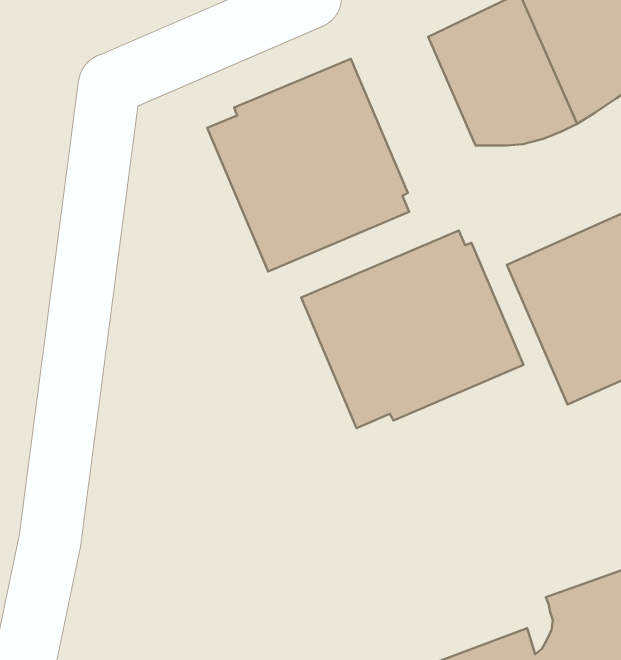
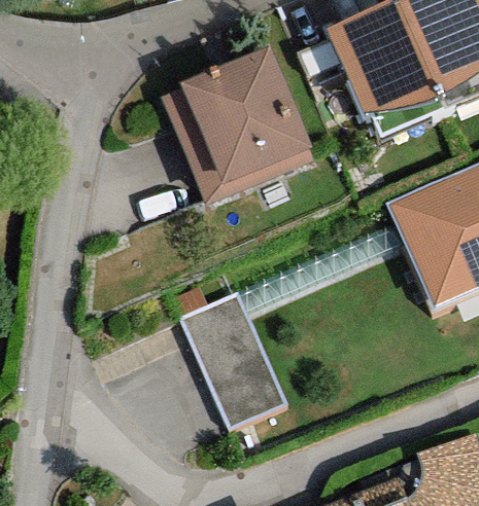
building: [301,230,523,428] -> none
building: none -> [181,296,286,432]

